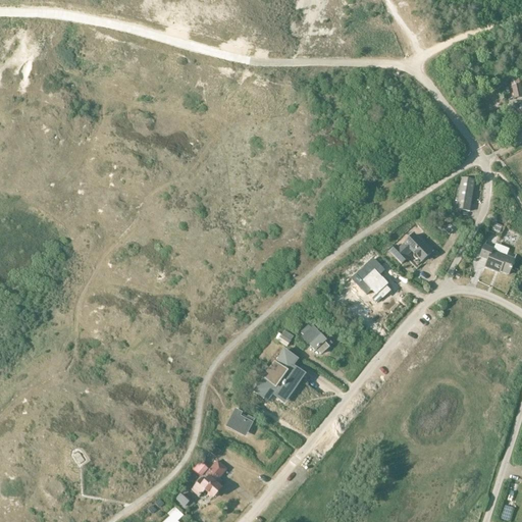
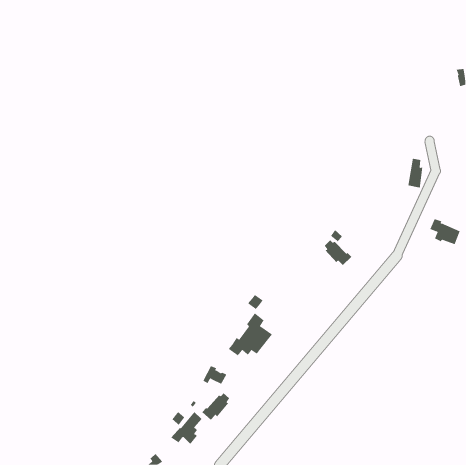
building: [390,234,430,262] -> none
building: [301,323,328,353] -> none
building: none -> [202,392,230,420]

